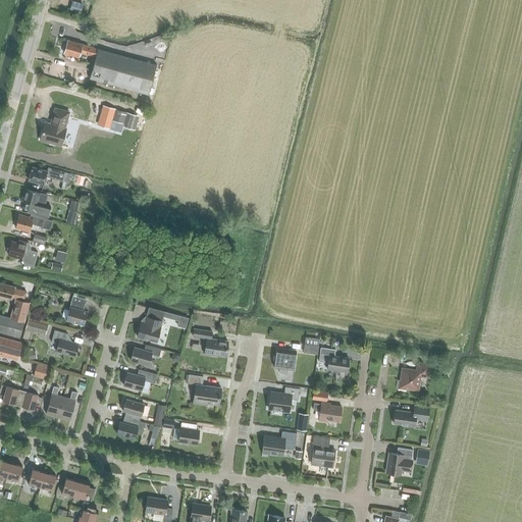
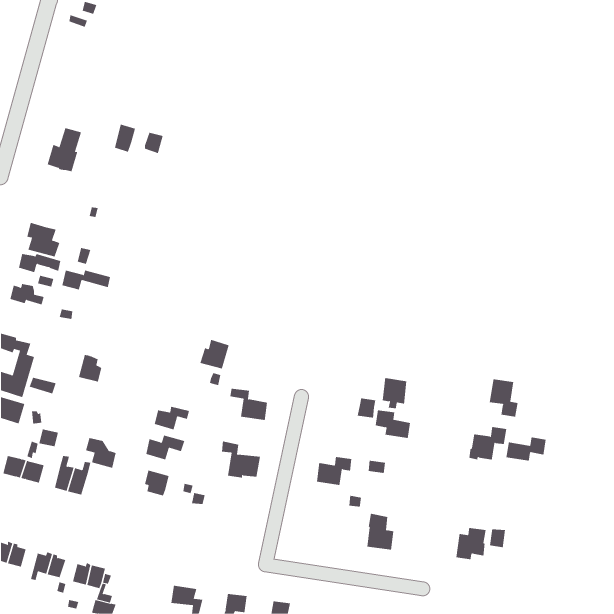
building: [64,40,156,94] -> none
building: [29,167,70,185] -> [62,270,111,290]
building: [137,316,162,342] -> [200,339,230,369]
building: none -> [489,379,518,417]
building: [51,330,77,357] -> [85,437,117,469]
building: [274,348,296,374] -> [382,378,407,409]
building: [313,403,342,422] -> none
building: [394,406,428,426] -> [506,437,546,461]
building: [116,417,145,438] -> none
building: [172,422,199,443] -> none
building: [261,431,297,457] -> none

